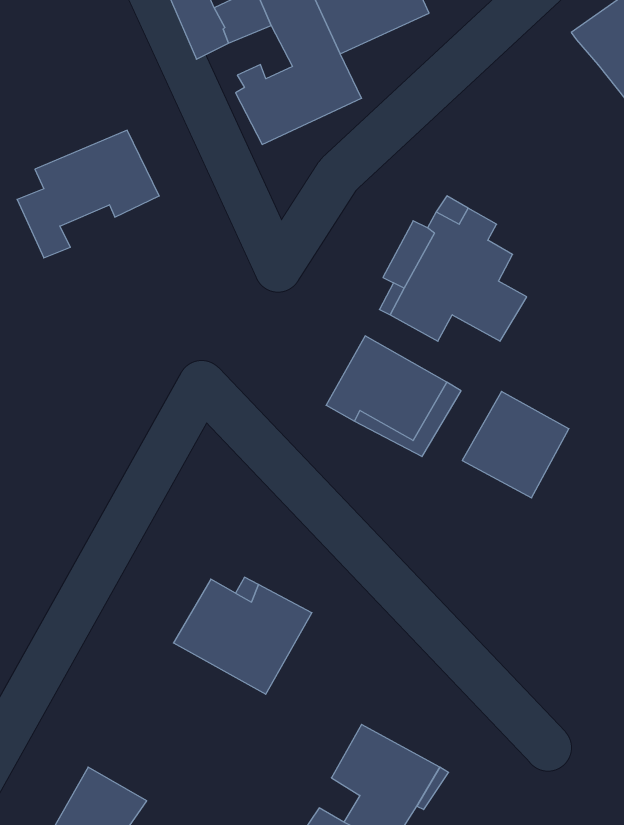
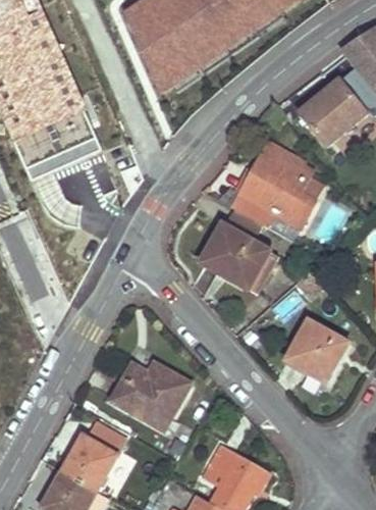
building: none -> [300,78,366,143]
building: [462,391,569,498] -> [285,319,346,380]
building: none -> [63,435,116,489]

